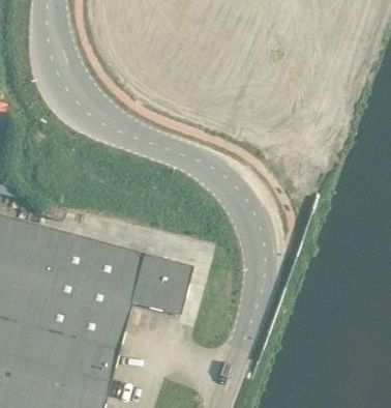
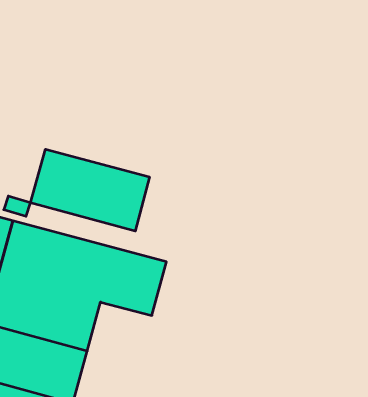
building: none -> [31,149,149,231]

